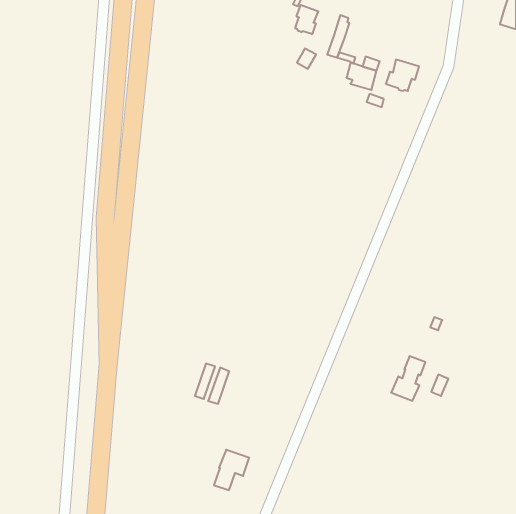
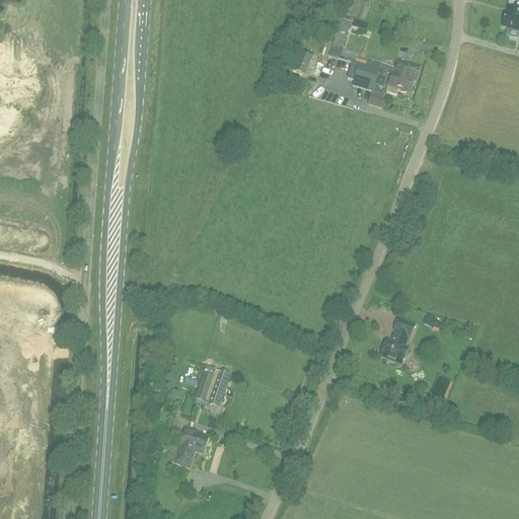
building: [295,5,318,34] -> none
building: [391,356,425,401] -> [380,318,415,363]
building: [214,450,249,490] -> [173,427,209,467]

